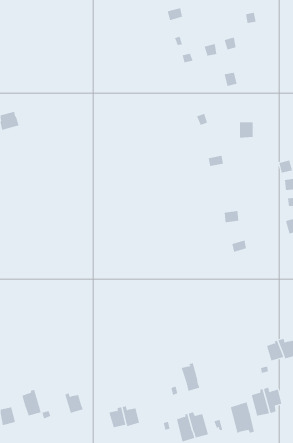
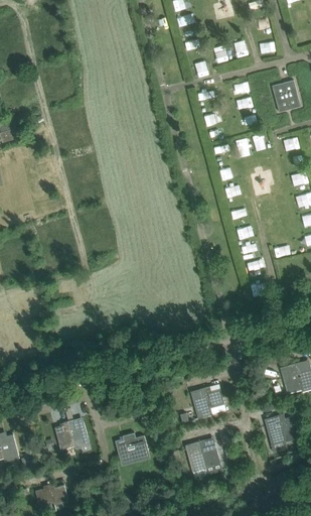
building: none -> [272,80,301,112]
building: none -> [204,386,226,414]
building: [21,390,42,416] -> [54,421,75,449]
building: [230,402,255,434] -> none

